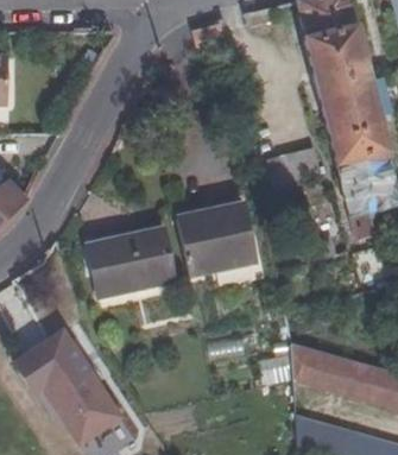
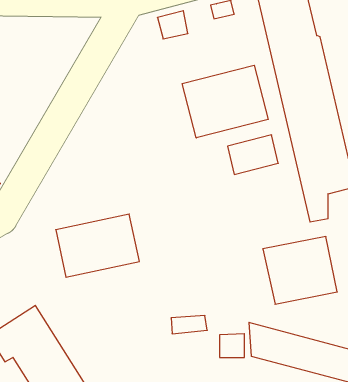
building: none -> [182,65,268,138]
building: [177,206,255,277] -> [263,237,337,304]

